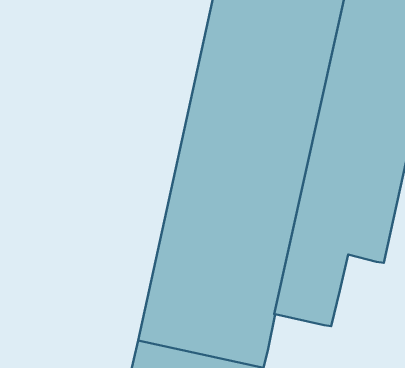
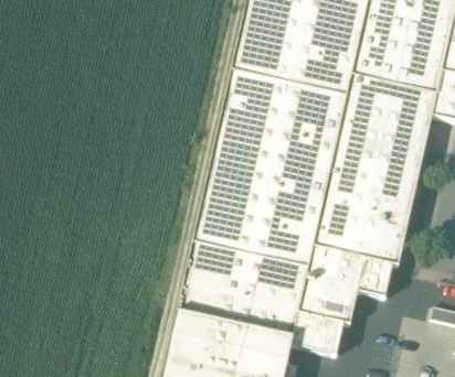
building: none -> [358,261,392,301]
building: none -> [292,316,343,358]

